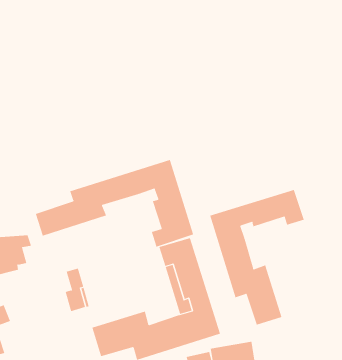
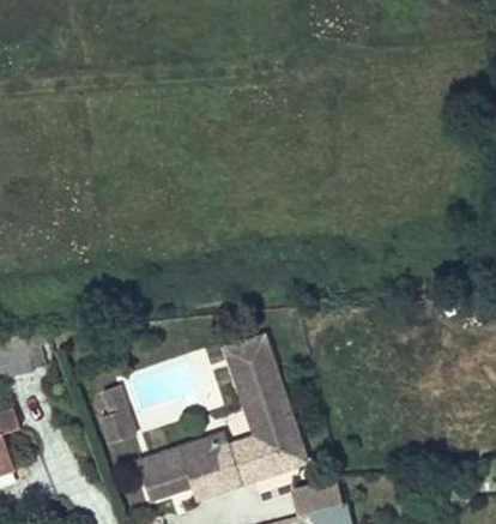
building: [35,159,194,248] -> none
building: [210,189,304,326] -> none

